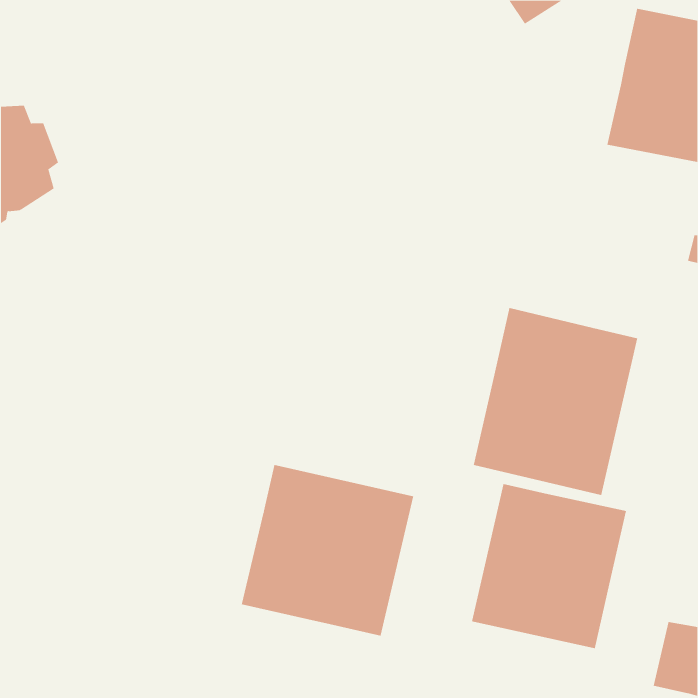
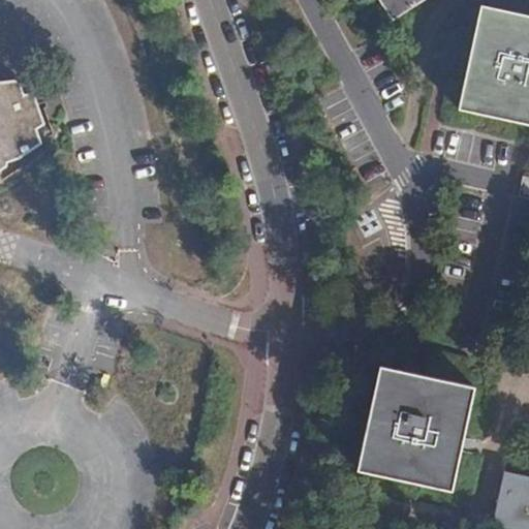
building: [473,307,638,496] -> none
building: [241,464,414,637] -> none

